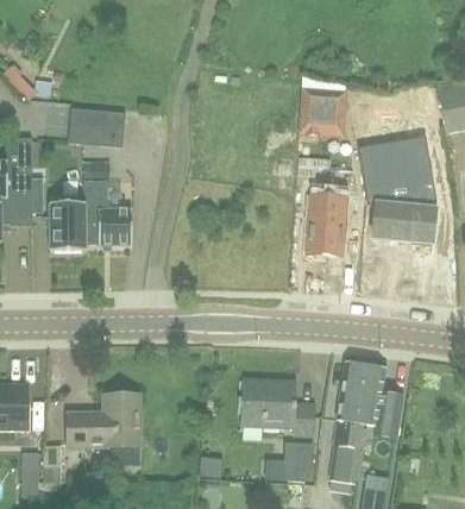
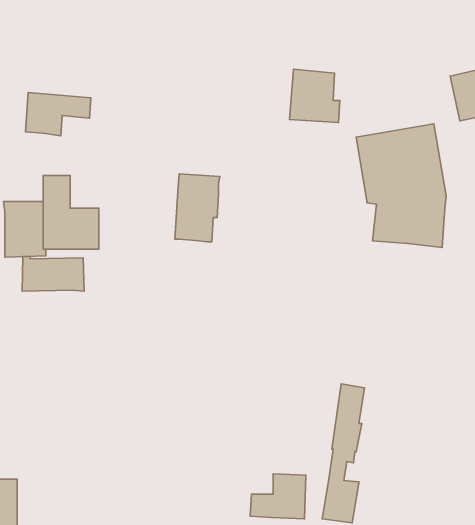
building: [307,195,346,254] -> [175,174,220,242]
building: none -> [22,256,84,291]
building: [346,365,401,447] -> none
building: [241,378,313,435] -> none
building: [67,394,138,446] -> none

